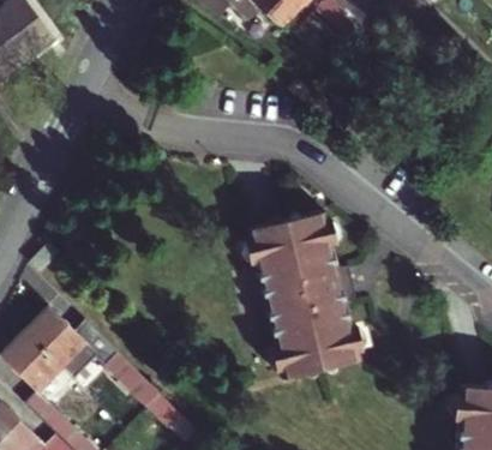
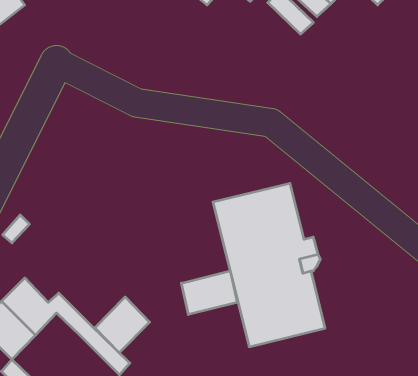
building: none -> [181,271,237,315]
building: none -> [95,297,150,353]

